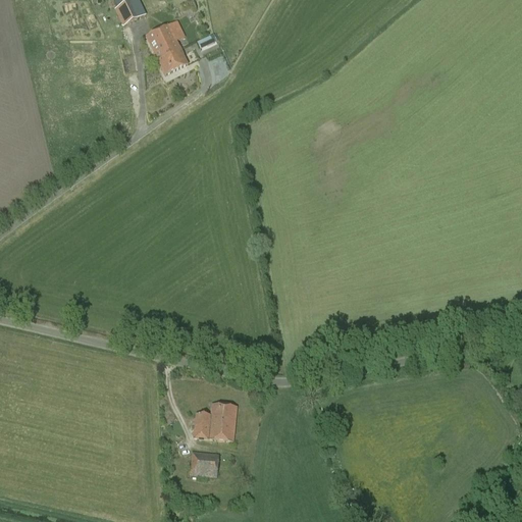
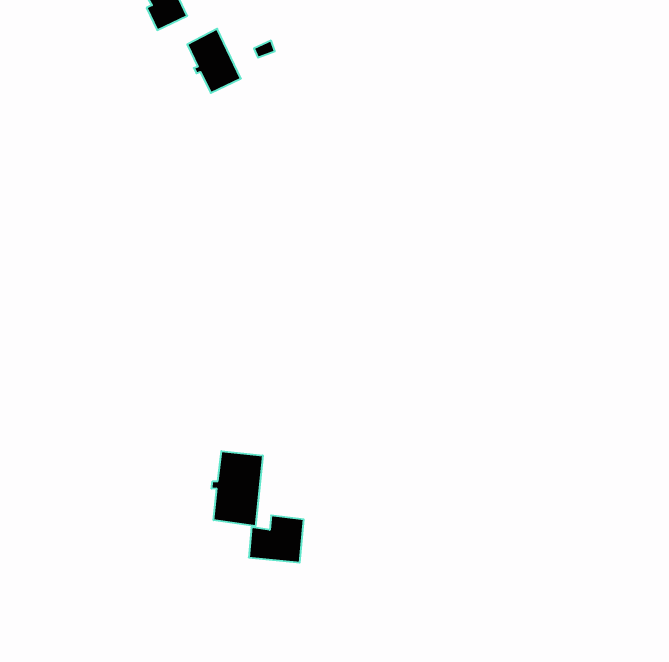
building: none -> [212,451,263,526]
building: [189,450,219,475] -> none

